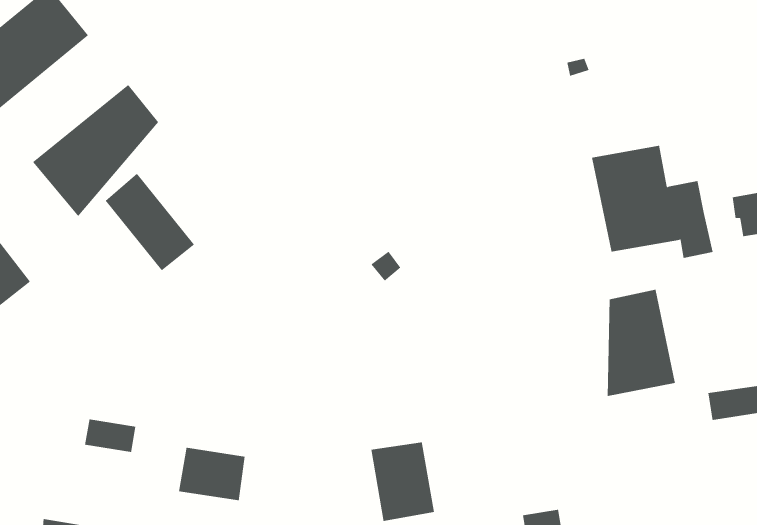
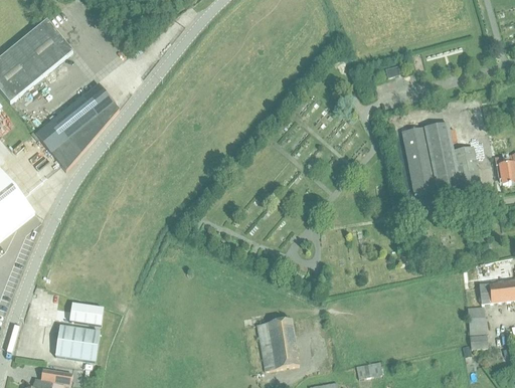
building: [105,173,195,271] -> none
building: [607,289,676,397] -> none
building: none -> [468,306,488,349]
building: [178,447,245,501] -> [55,326,100,361]

